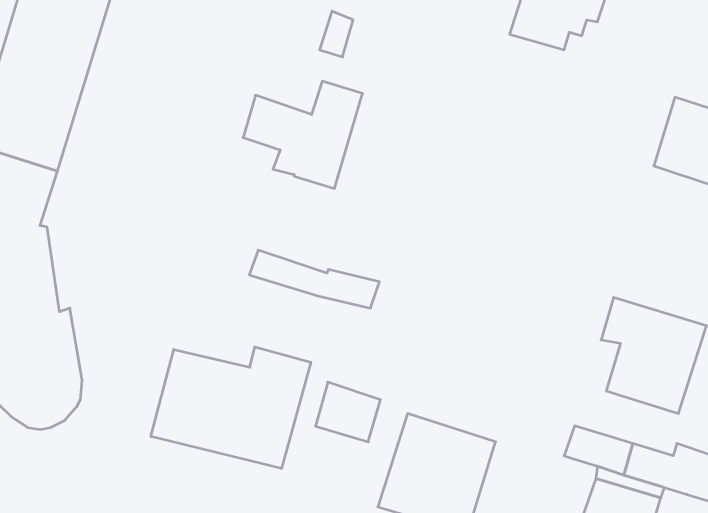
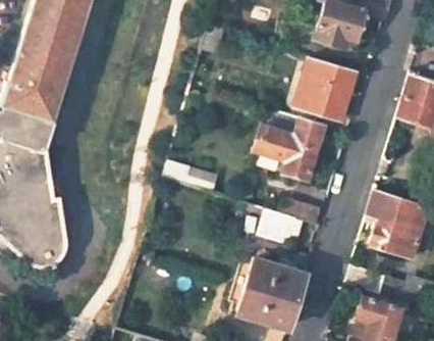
building: none -> [305,57,358,120]
building: [243,81,363,188] -> [256,117,325,180]
building: [151,347,311,469] -> none
building: [315,382,381,442] -> [259,208,296,243]

